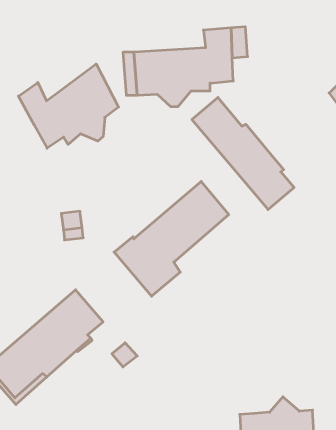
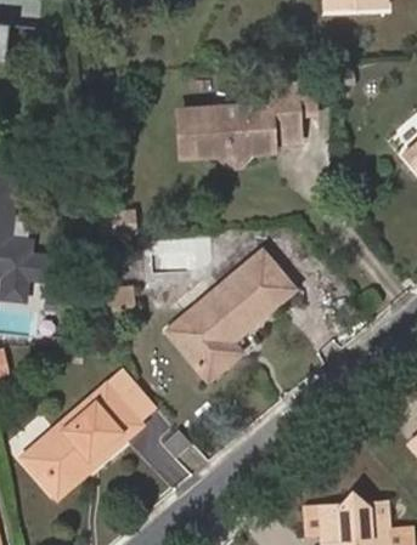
building: [18,64,119,148] -> none
building: [192,97,294,210] -> none

